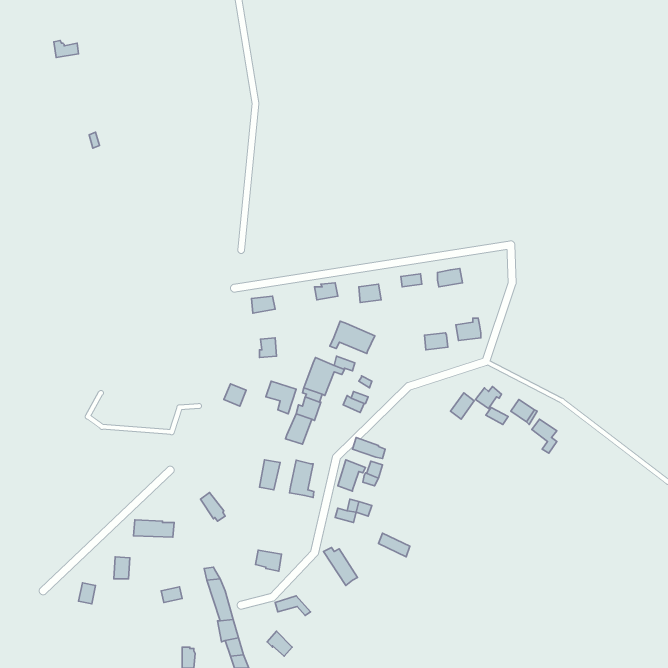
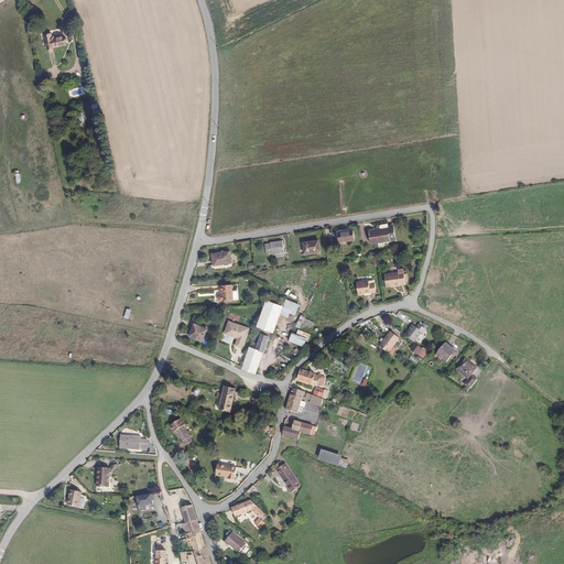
building: [330,321,375,354] -> none
building: [290,460,314,497] -> none

